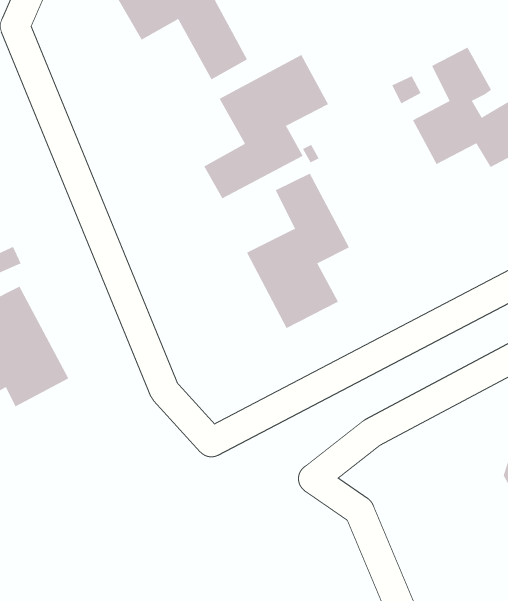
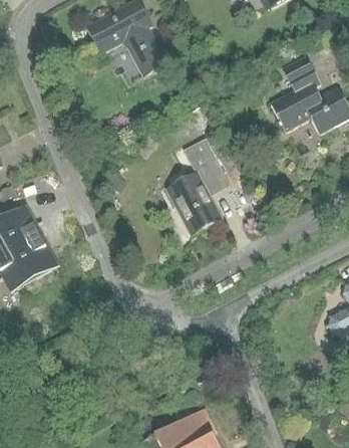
building: [203,54,329,199] -> none

